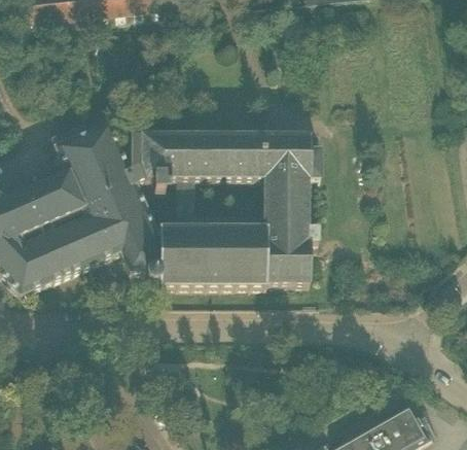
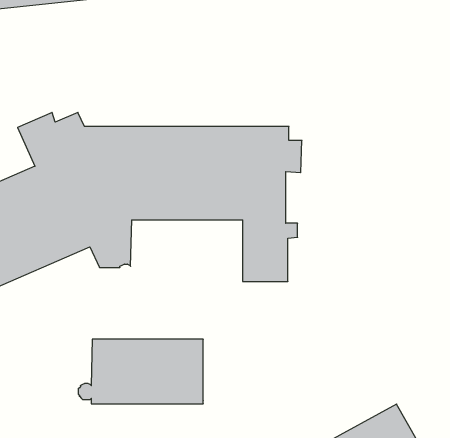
building: [146,223,265,285] -> [78,339,203,404]

